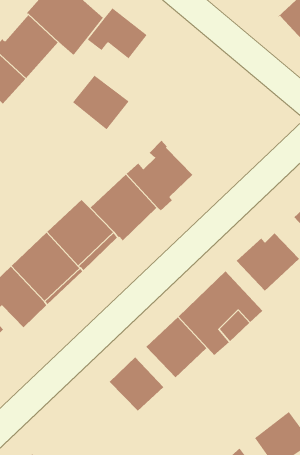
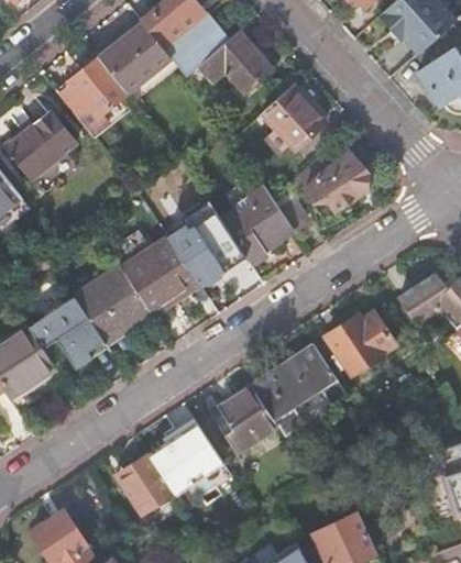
building: [72,75,130,130] -> [261,85,325,148]
building: none -> [306,148,370,210]
building: none -> [116,453,182,515]

